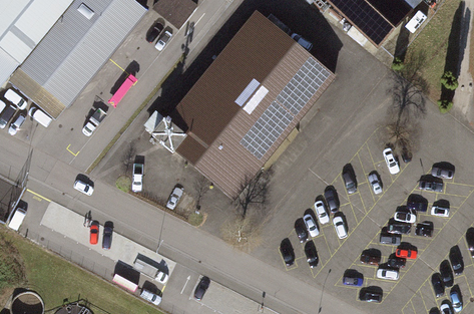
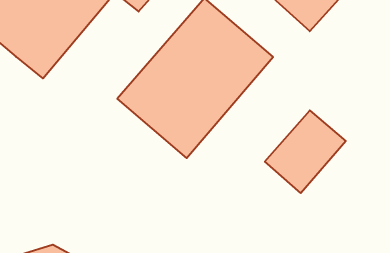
building: none -> [265,110,346,193]

